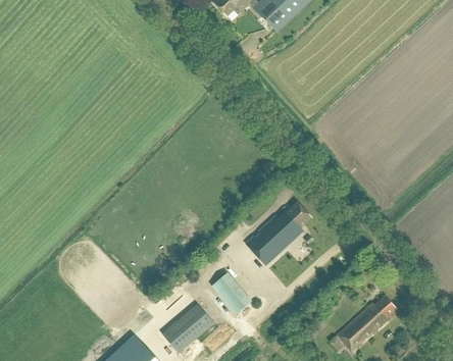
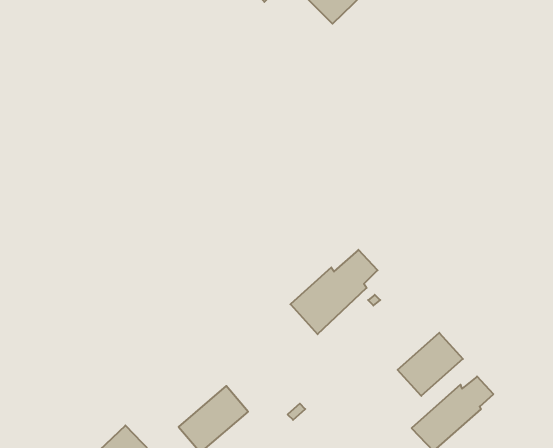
building: none -> [398,333,463,396]
building: [212,269,255,313] -> none

